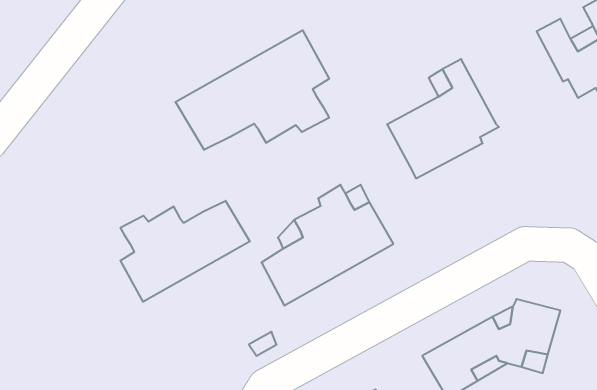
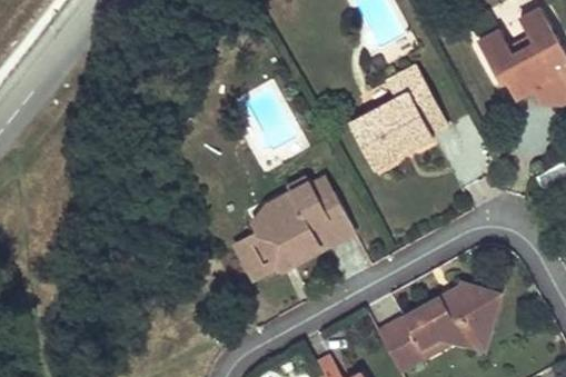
building: [175,30,329,150] -> none
building: [120,201,250,302] -> none

